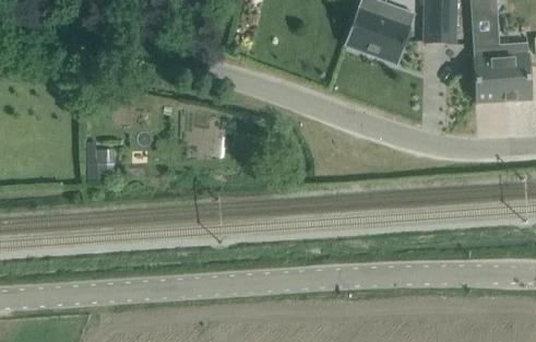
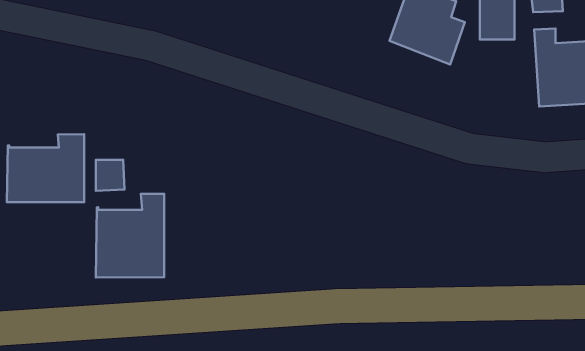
building: none -> [7,134,84,202]
building: none -> [96,194,164,277]

